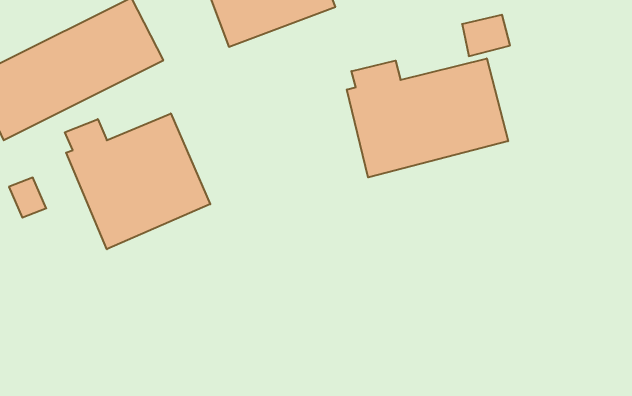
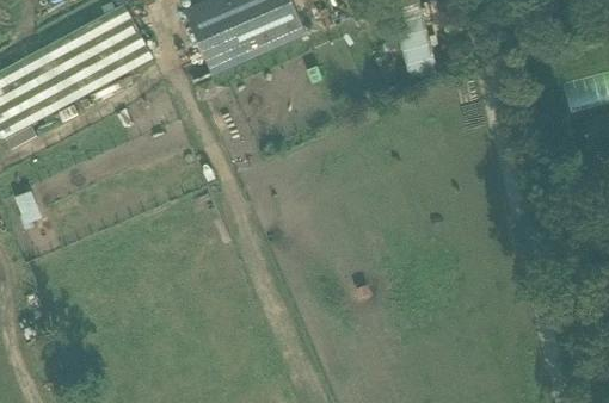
building: [347,58,508,177] -> none
building: [65,113,210,249] -> none

